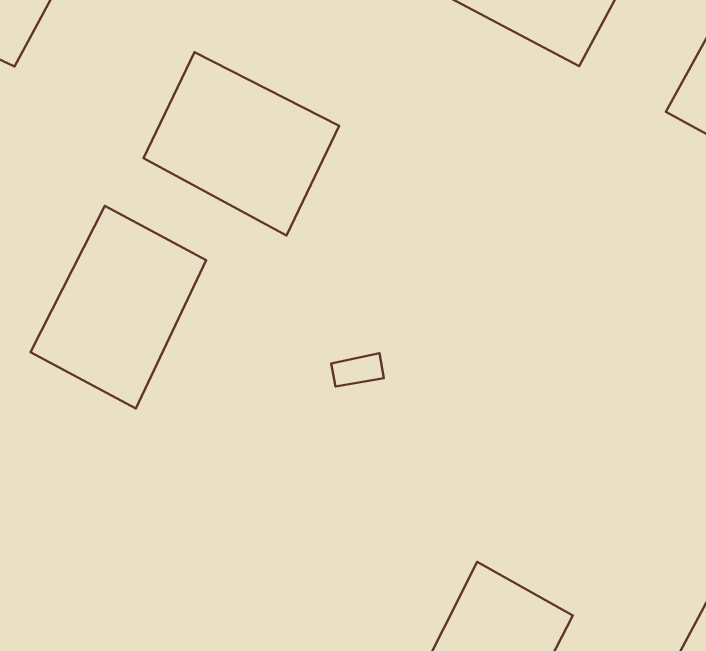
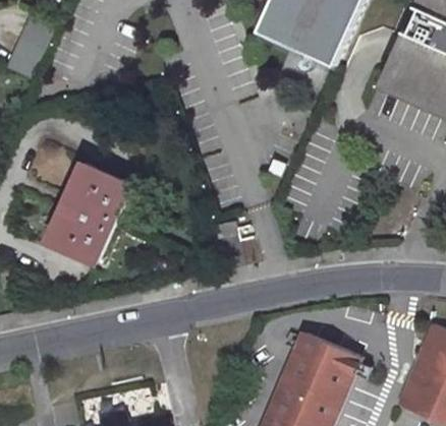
building: [143,52,339,236] -> none

